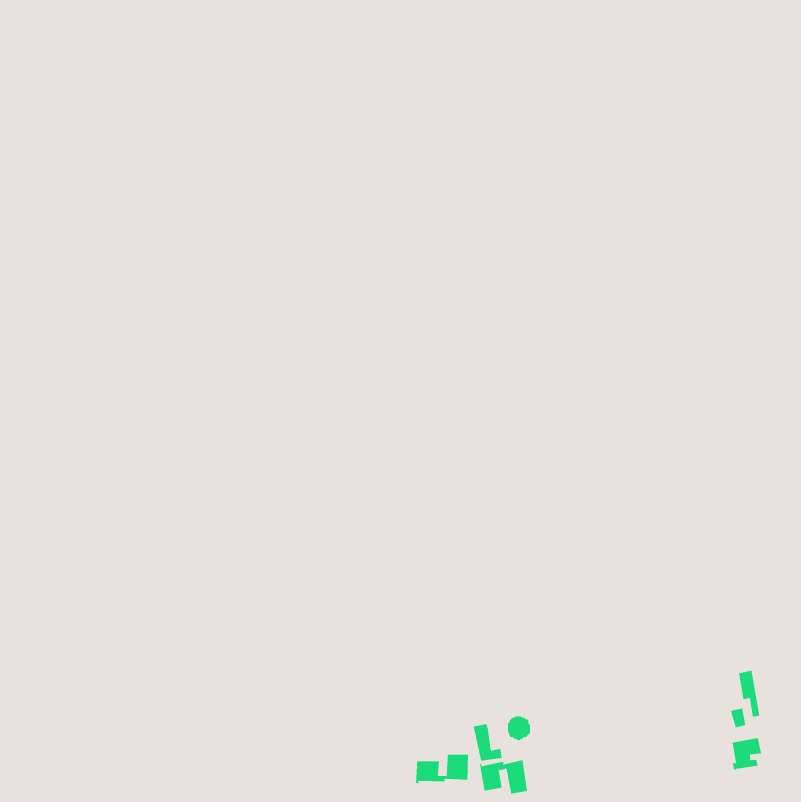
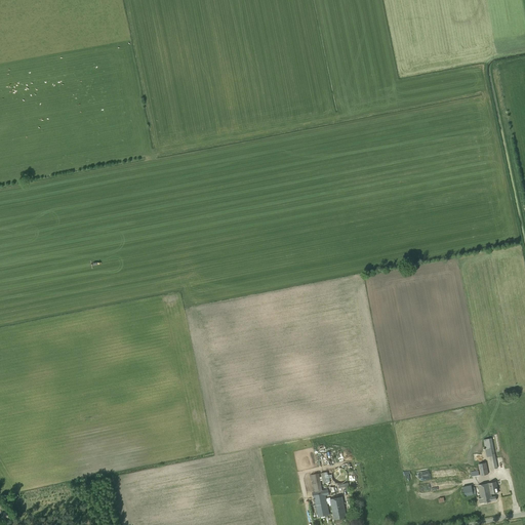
building: [415,754,468,784] -> none

